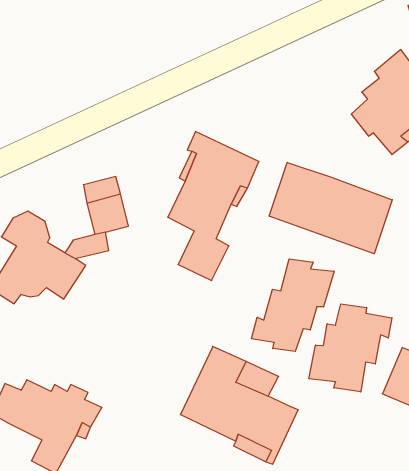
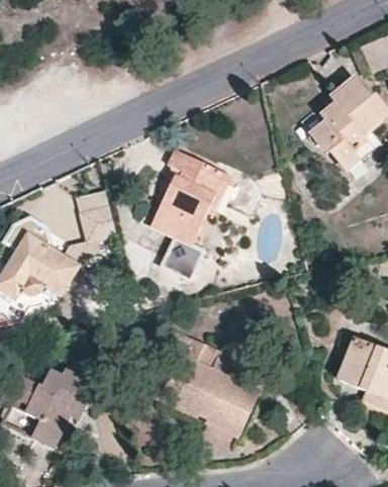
building: [269,162,392,254] -> none
building: [251,259,334,351] -> none
building: [309,304,392,392] -> none

